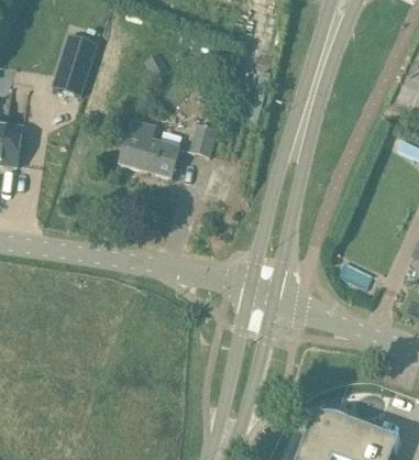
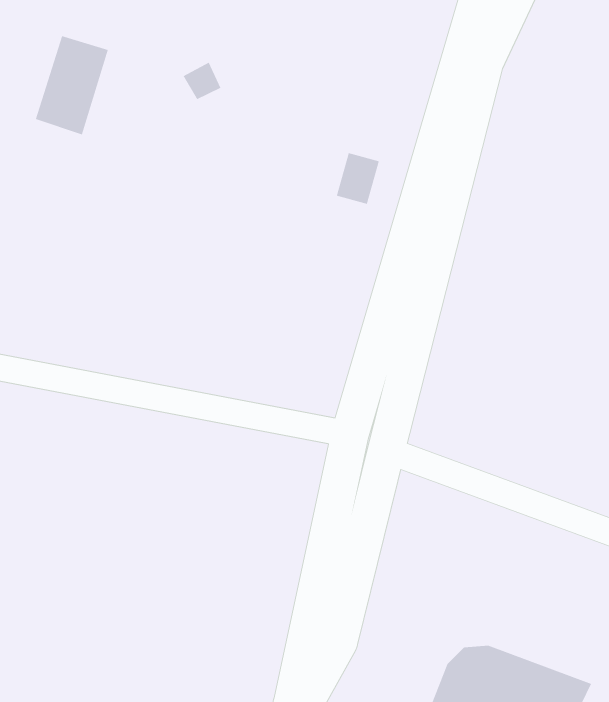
building: [119,120,178,177] -> none
building: [189,123,217,156] -> [336,152,380,205]

